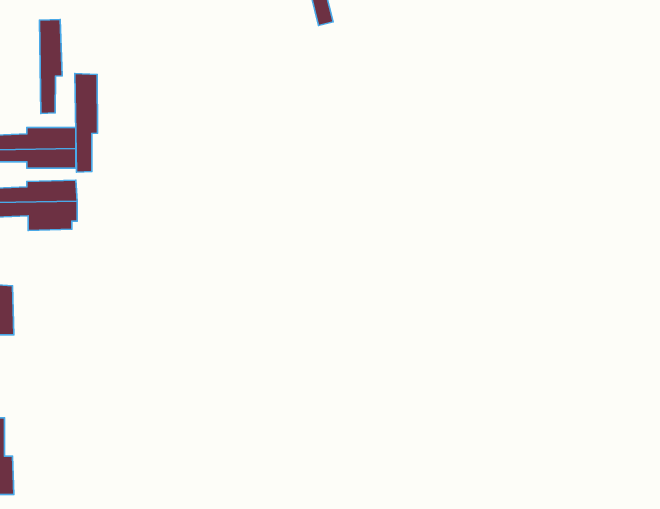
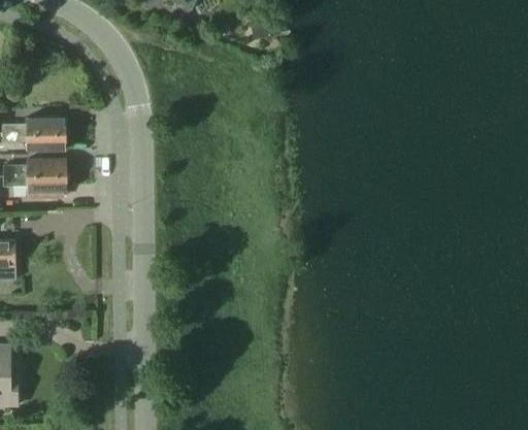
building: [39,20,62,113] -> none
building: [75,74,98,172] -> none

